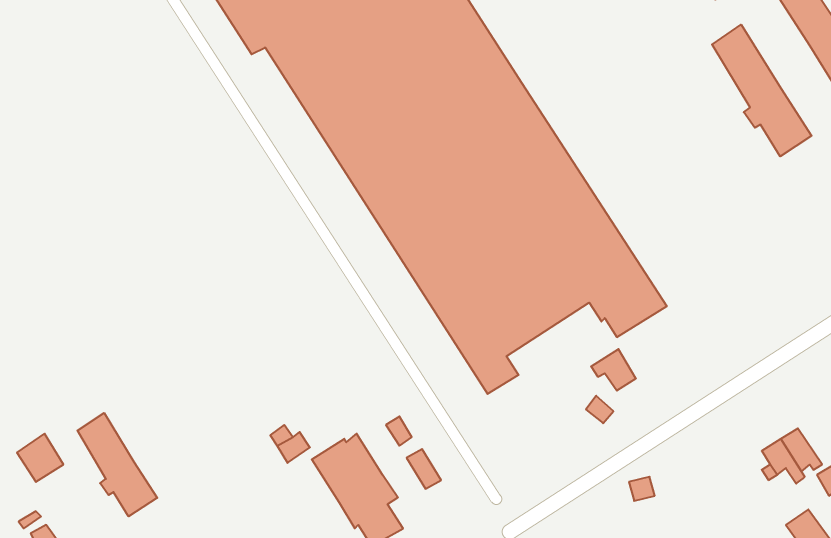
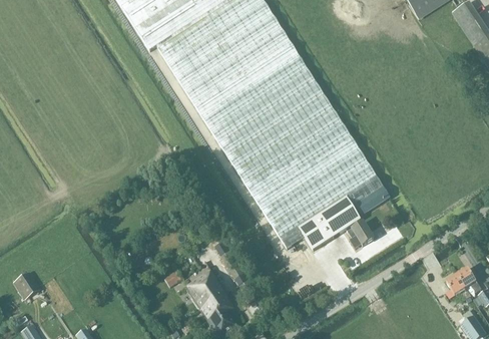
building: [712,25,812,156] -> none
building: none -> [297,194,360,249]
building: [77,413,157,516] -> none

